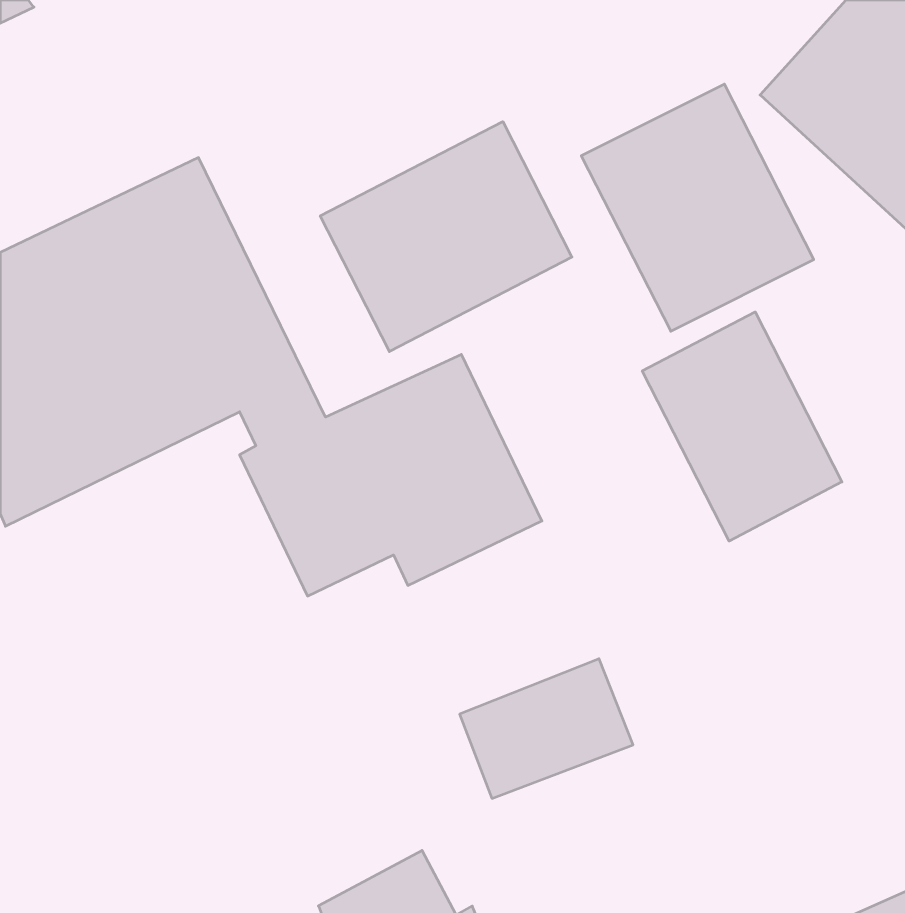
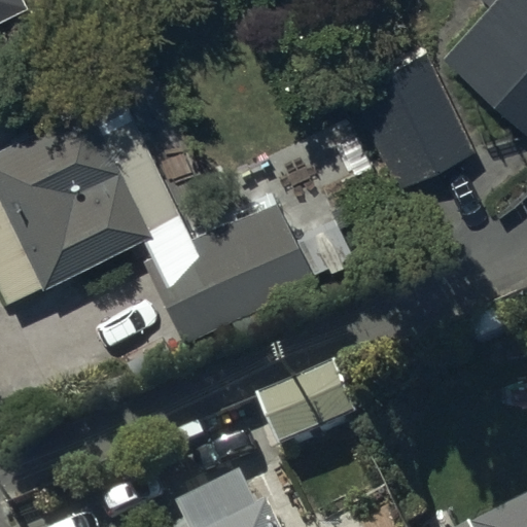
building: [320,122,572,352] -> none
building: [642,312,842,541] -> none

